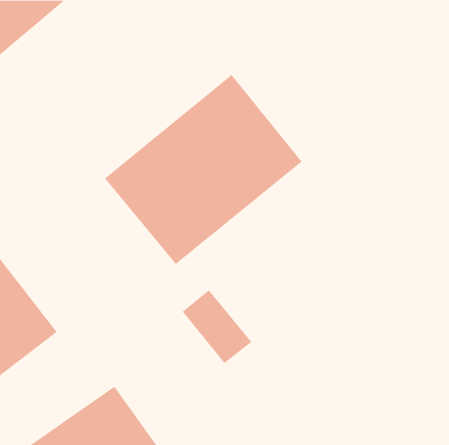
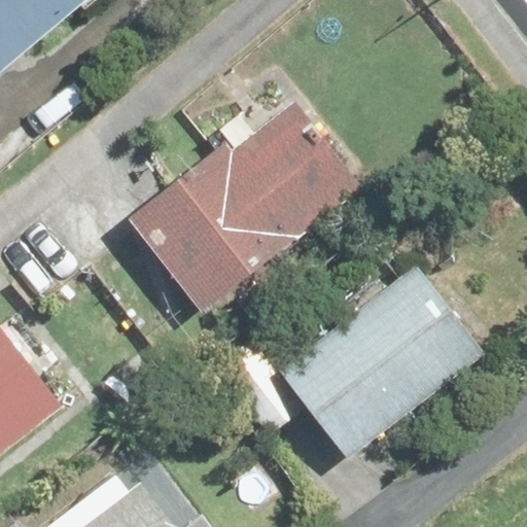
building: none -> [278,264,490,468]

